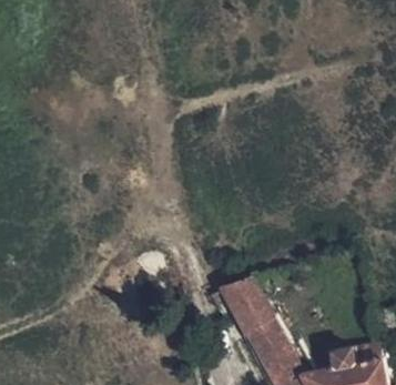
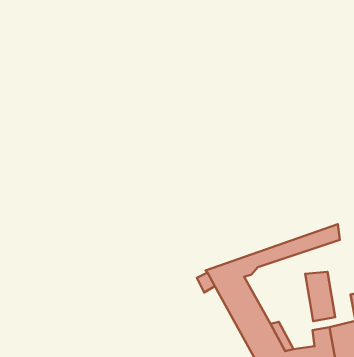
building: none -> [305,272,335,321]

